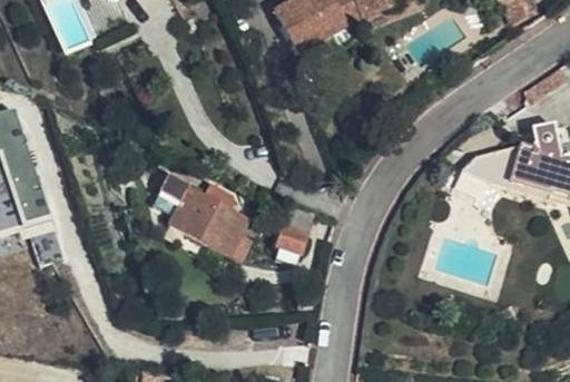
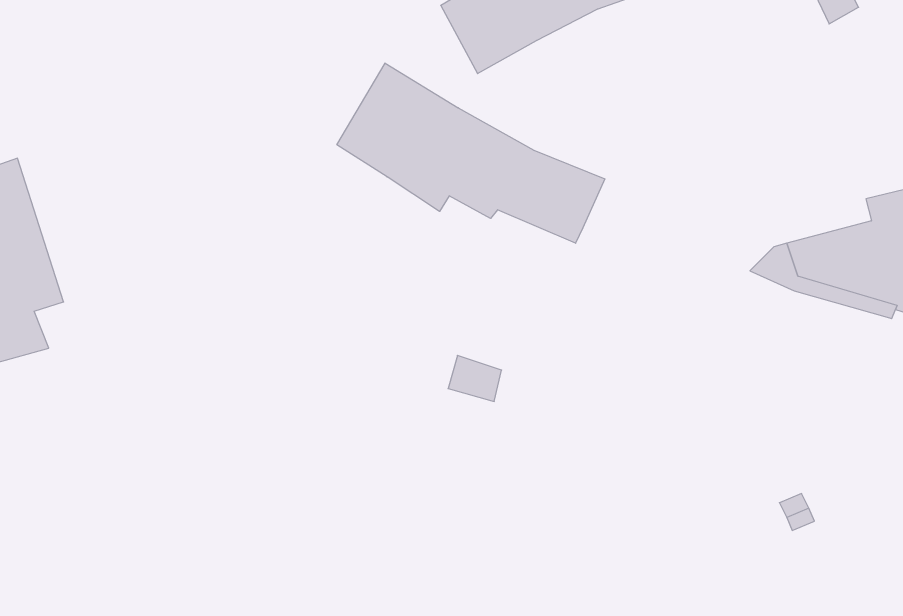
building: none -> [337,63,605,243]
building: [156,174,250,258] -> none

